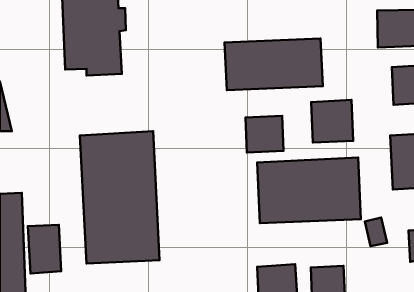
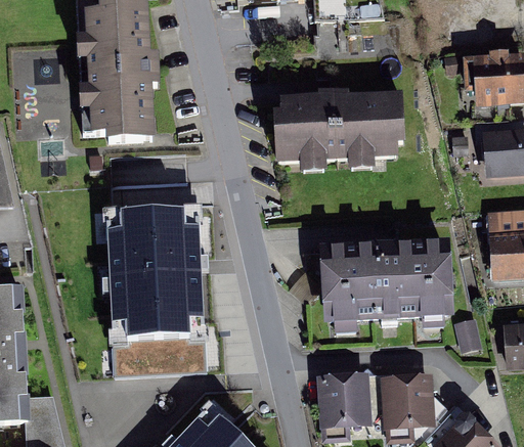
building: [311,100,353,143] -> none
building: [246,116,283,152] -> none
building: [28,225,61,274] -> none

